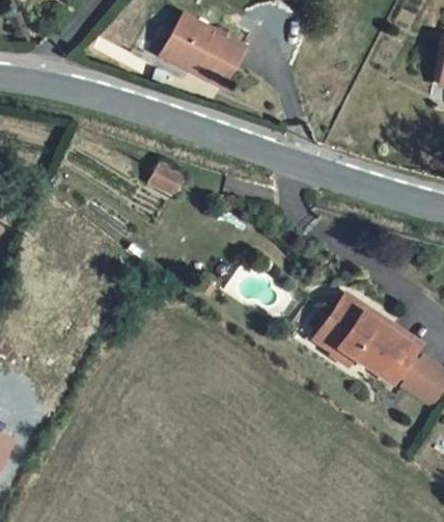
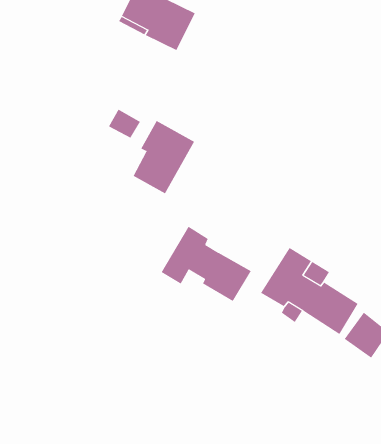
building: none -> [133,120,195,194]
building: none -> [161,226,252,302]

